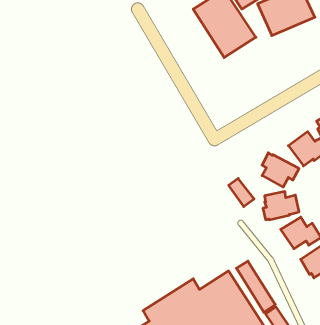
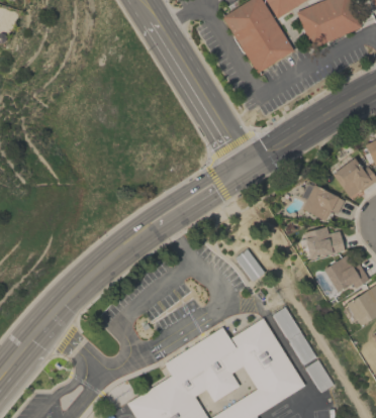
building: [229,178,254,207] -> [236,249,265,282]

